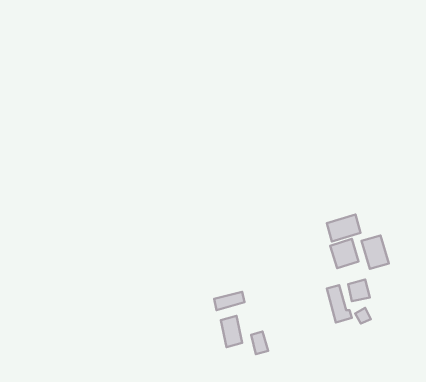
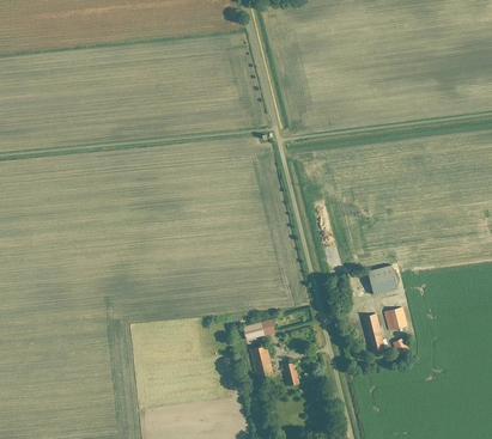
building: [327,215,361,241] -> none
building: [362,236,389,269] -> none

